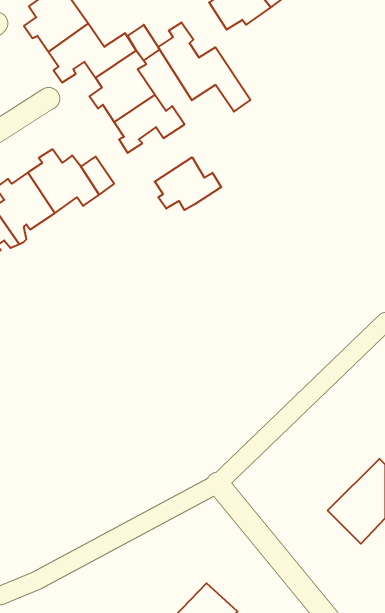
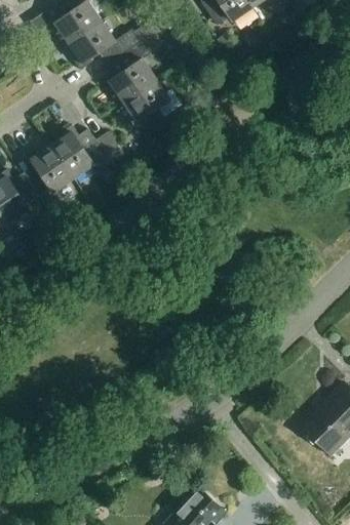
building: [158,22,250,112] -> none
building: [155,157,221,210] -> none

